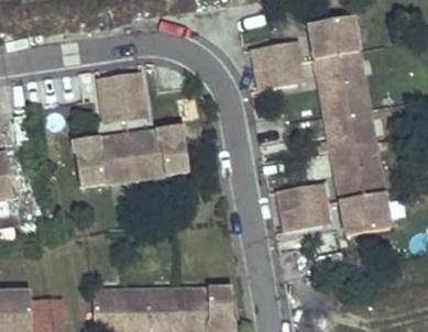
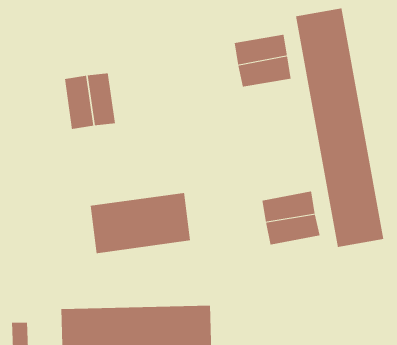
building: [92,128,185,184] -> [90,192,191,254]

